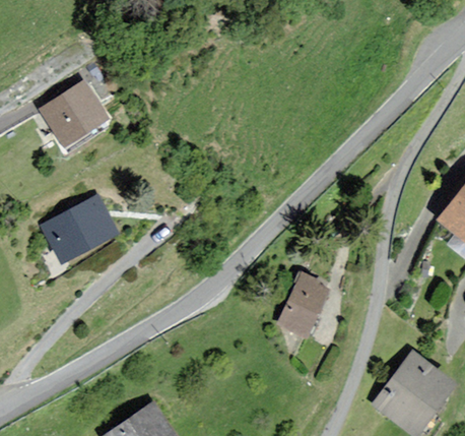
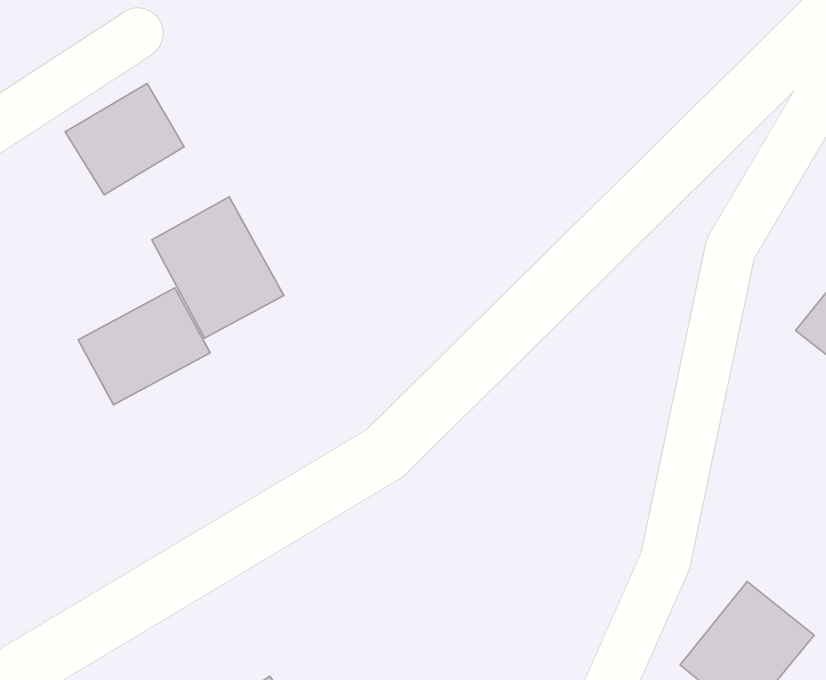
building: none -> [152,197,284,338]
building: [277,273,325,334] -> none

